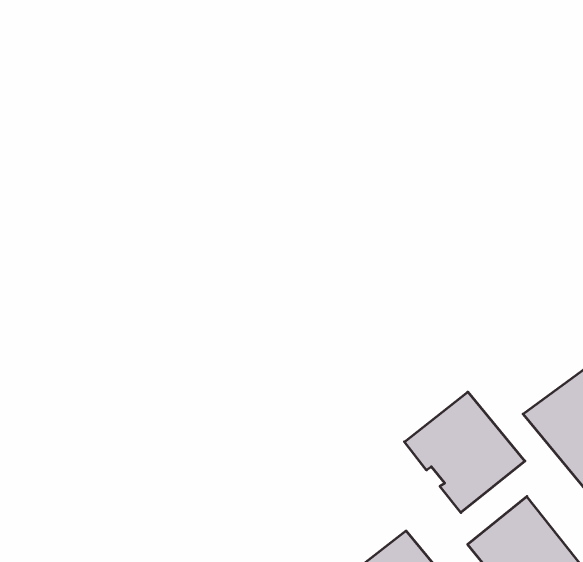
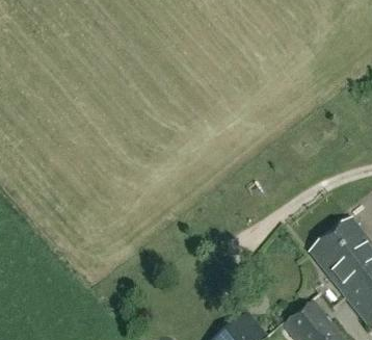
building: [404,392,525,513] -> none

